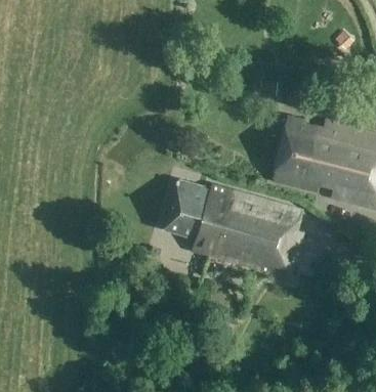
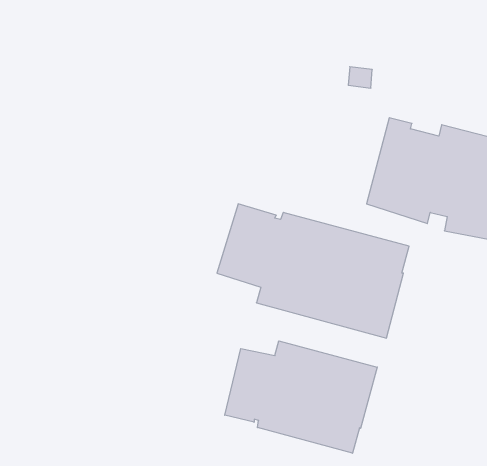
building: none -> [225,341,377,453]

